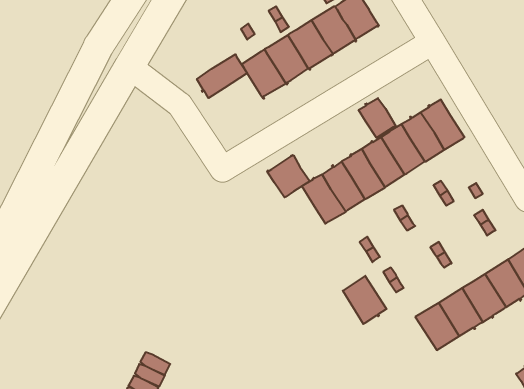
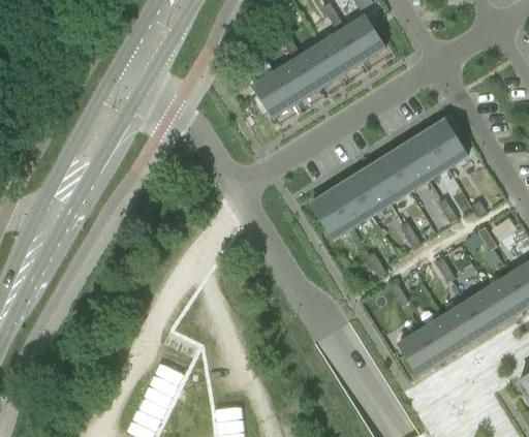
building: [197,54,247,98] -> none
building: [359,98,396,138] -> none
building: [267,155,310,197] -> none
building: [343,276,387,324] -> [398,329,440,375]

